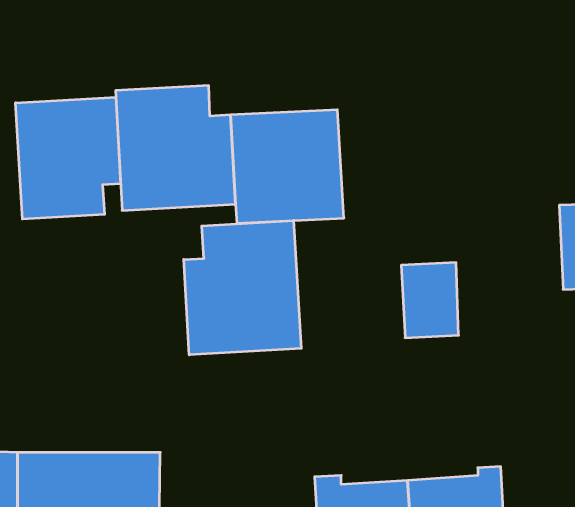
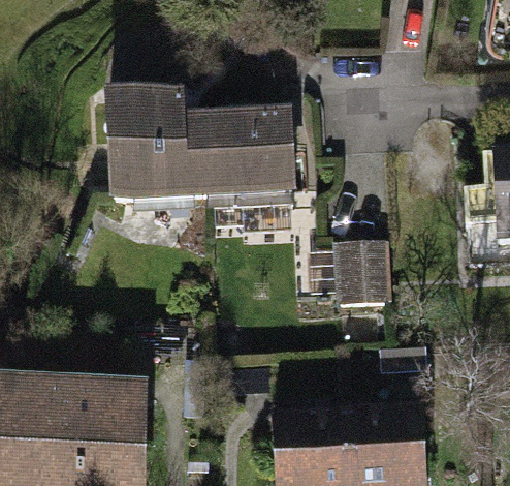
building: [16,97,121,219] -> none
building: [184,220,301,355] -> none

